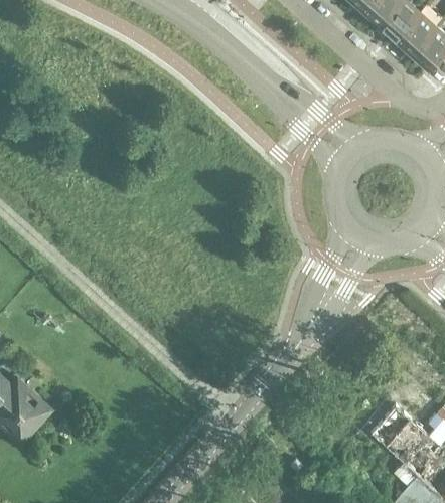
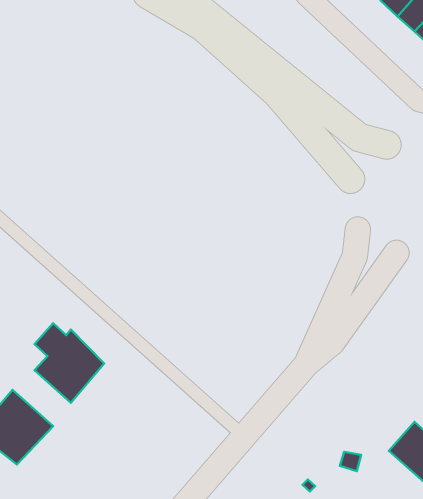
building: none -> [34,323,104,403]

